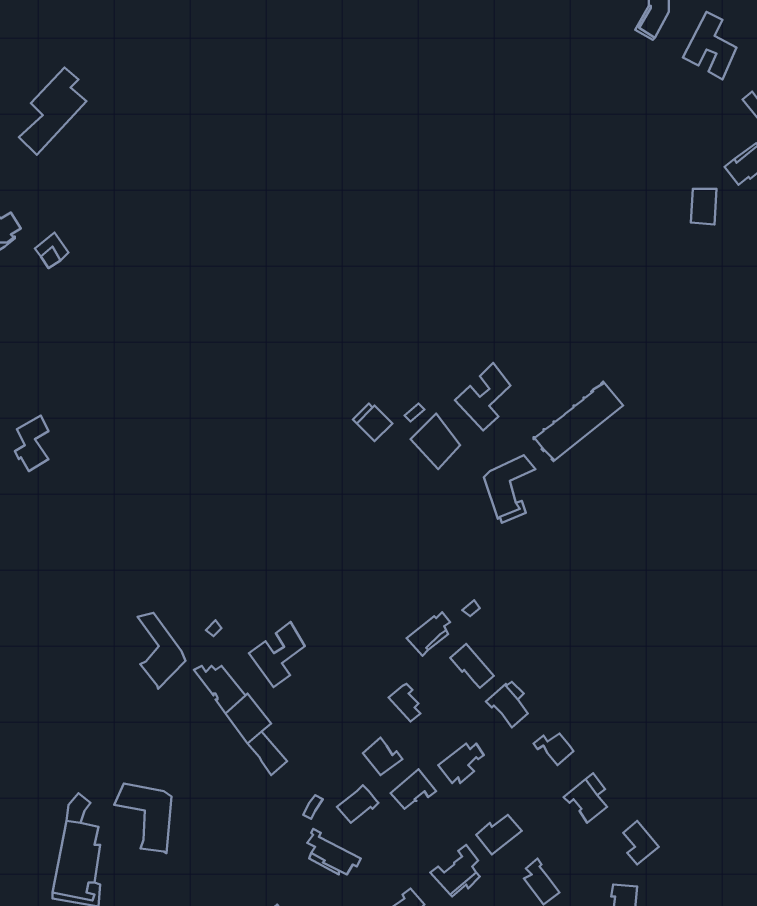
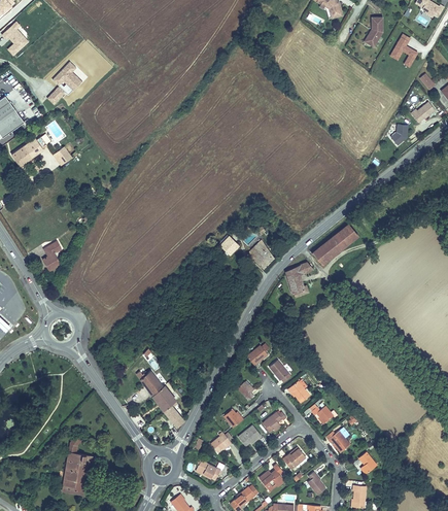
building: [455,363,510,431] -> none
building: [137,613,185,689] -> none
building: [249,622,305,687] -> none
building: [114,784,172,853] -> none

